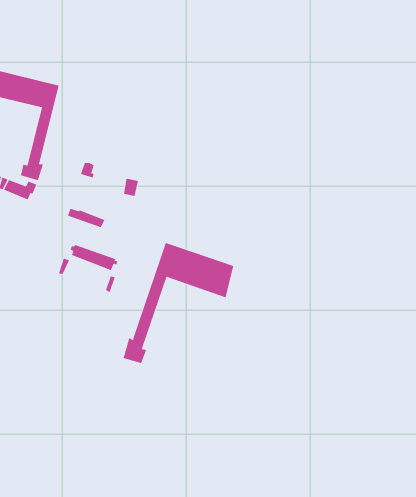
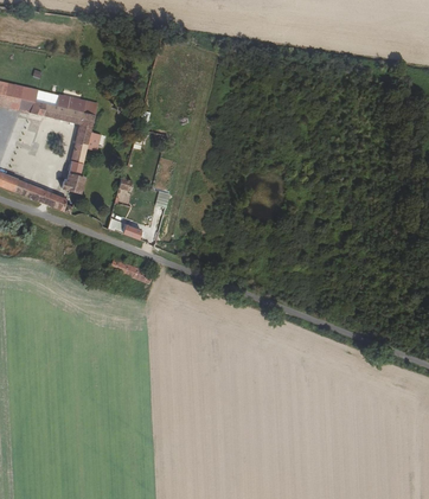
building: [123,242,234,364] -> none

